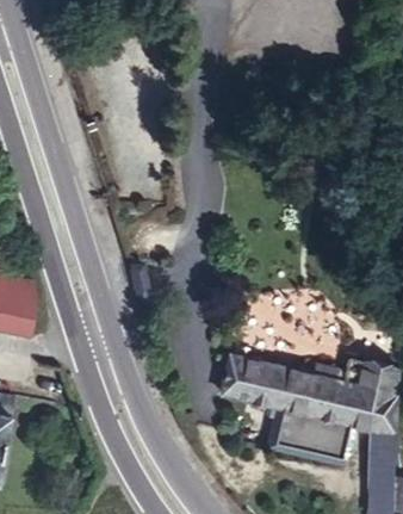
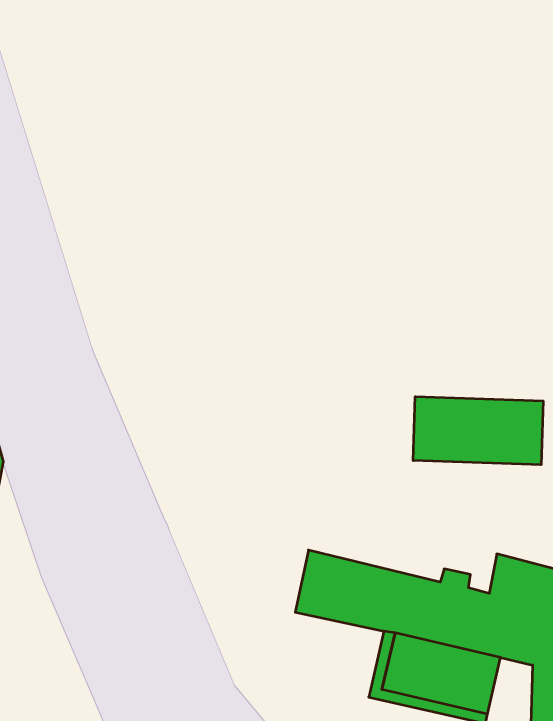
building: none -> [413,397,543,465]

